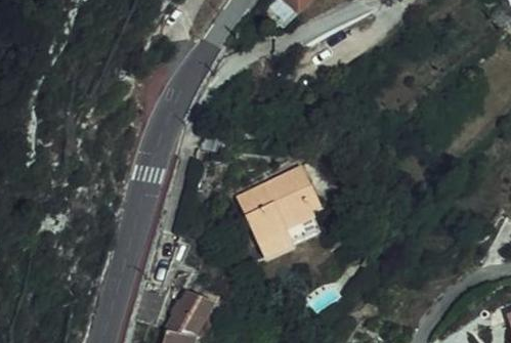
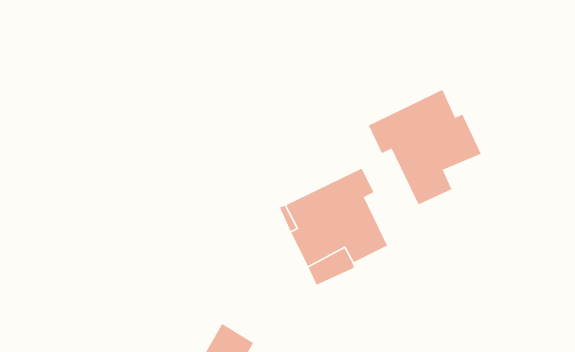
building: none -> [368,89,482,206]

